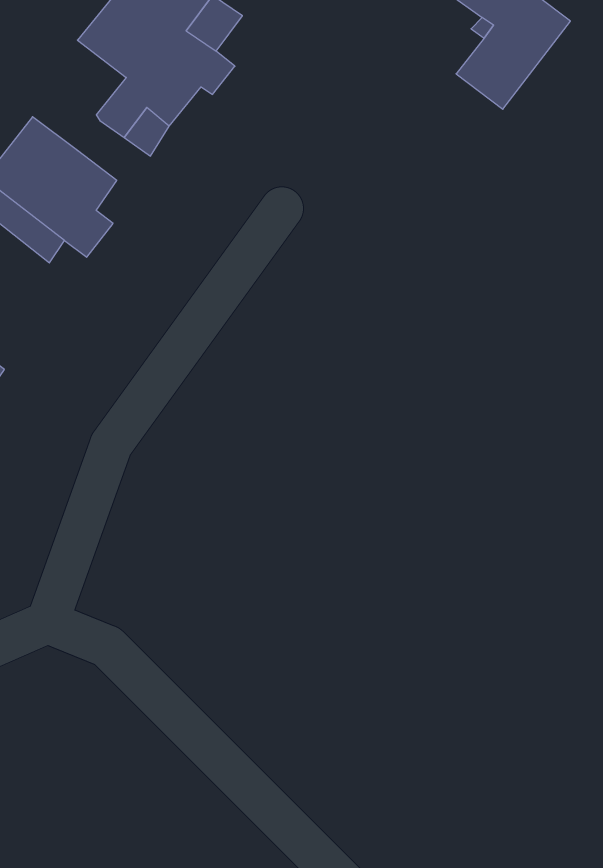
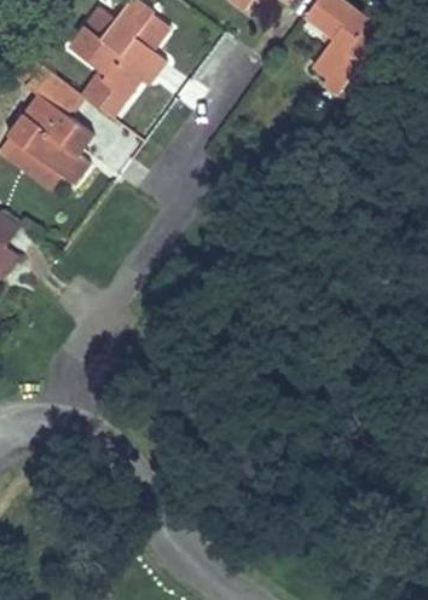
building: none -> [27,65,82,116]

